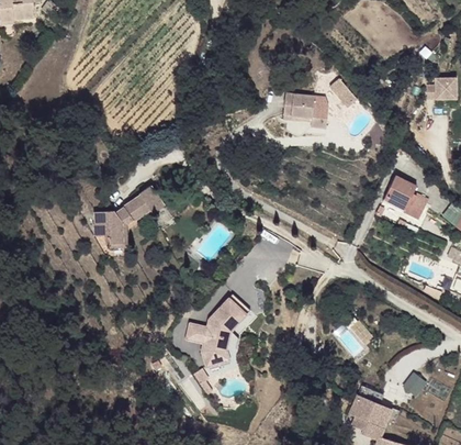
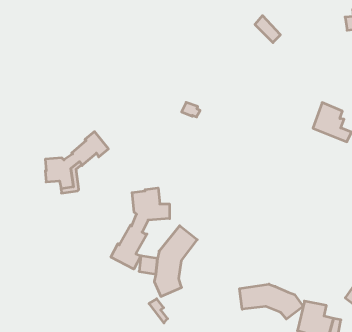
building: [283,92,328,127] -> none
building: none -> [111,188,170,269]
building: none -> [240,284,303,319]

